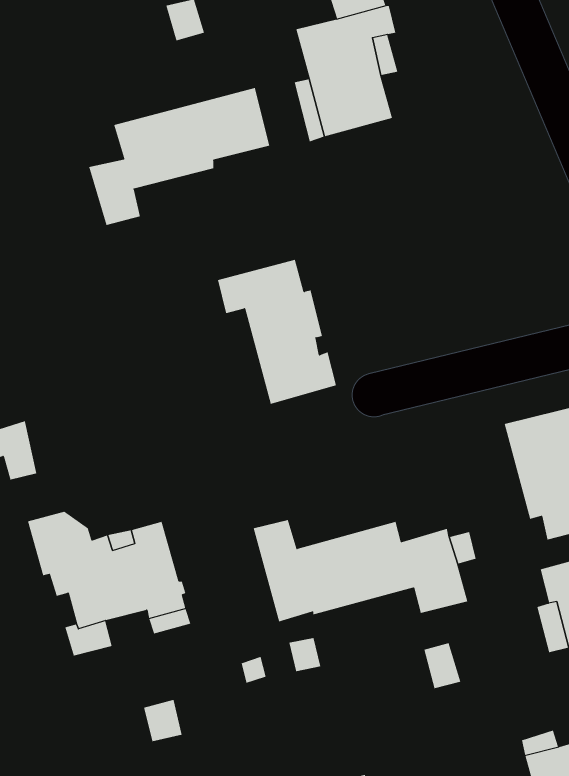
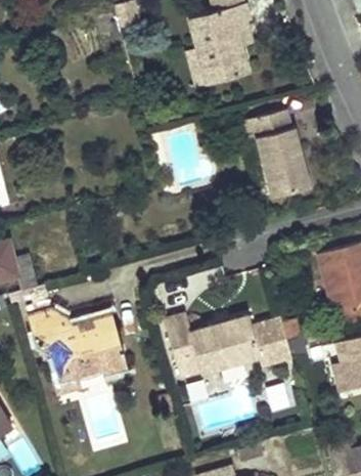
building: [89,87,270,226] -> none
building: [217,259,337,404] -> [241,111,313,198]

